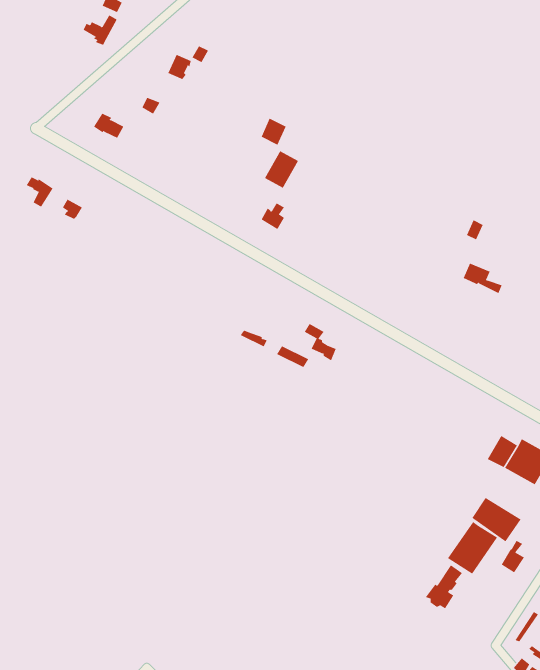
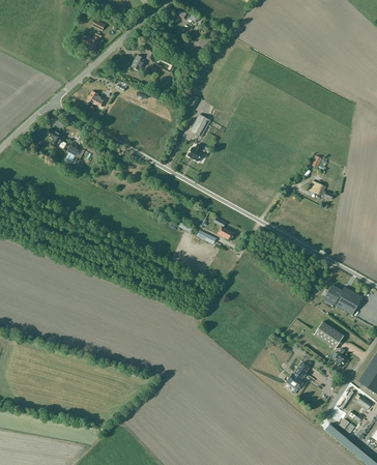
building: [447,521,498,574] -> none

